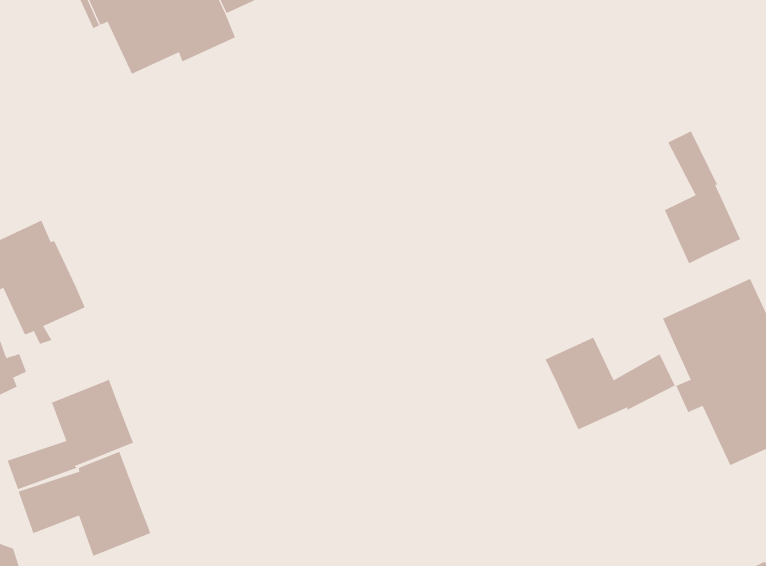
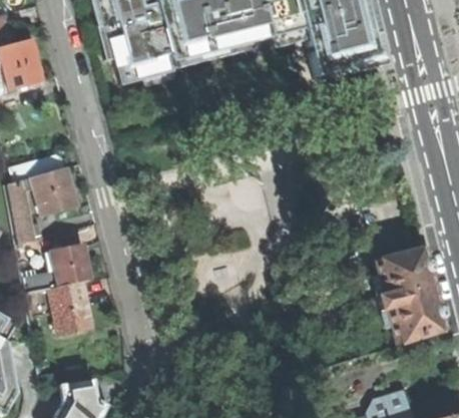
building: [664,131,741,264] -> none
building: [545,337,676,430] -> none

